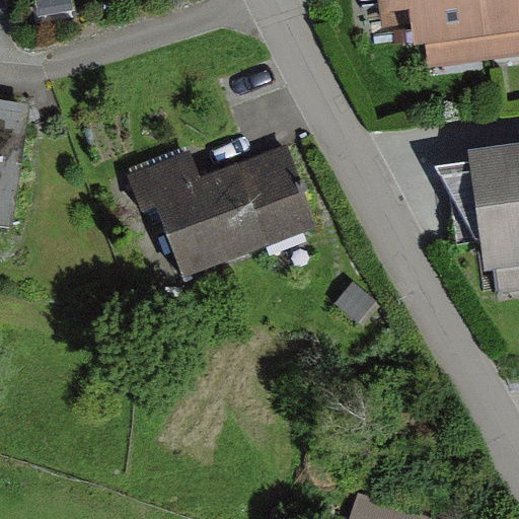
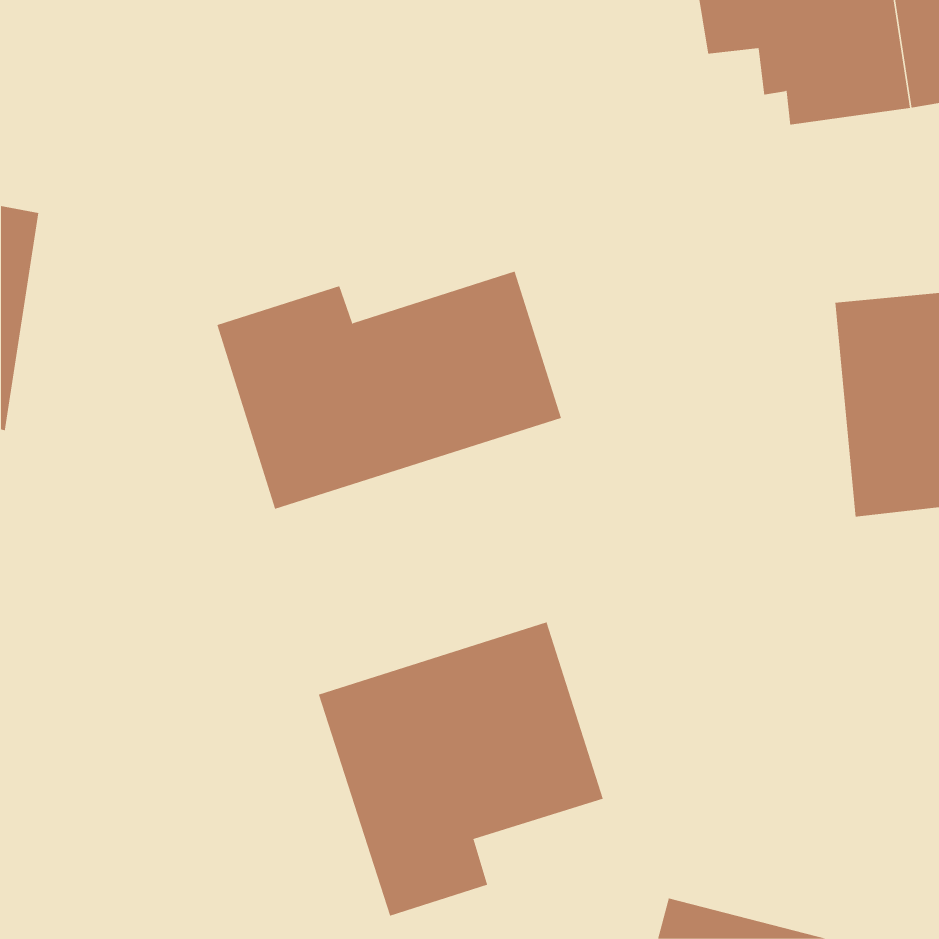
building: none -> [318,622,604,916]

